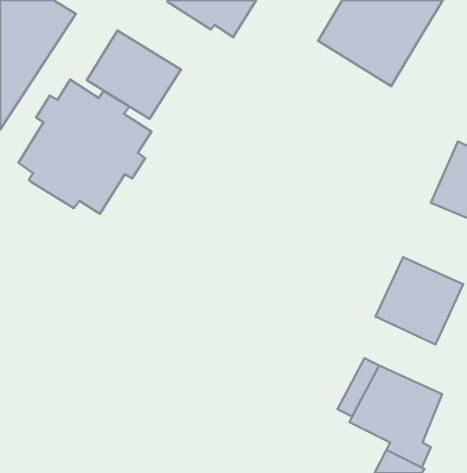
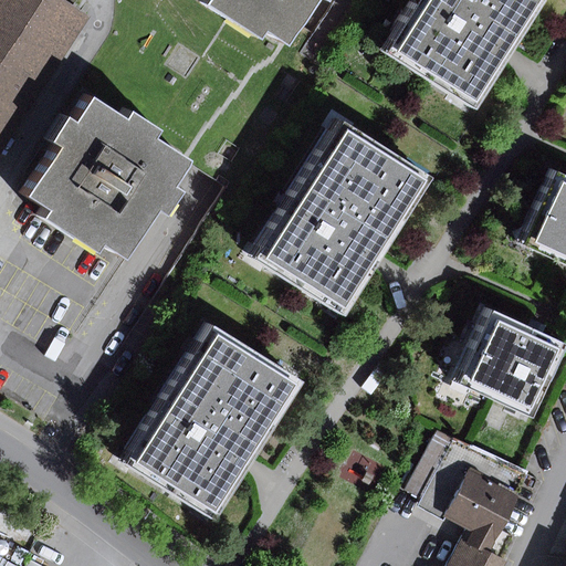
building: [87,30,181,119] -> none
building: none -> [258,122,422,306]
building: none -> [129,329,290,509]

